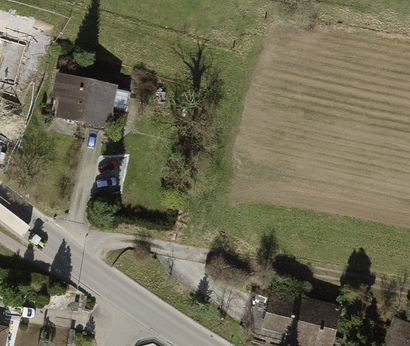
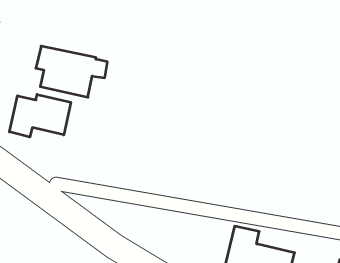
building: none -> [9,94,71,137]

